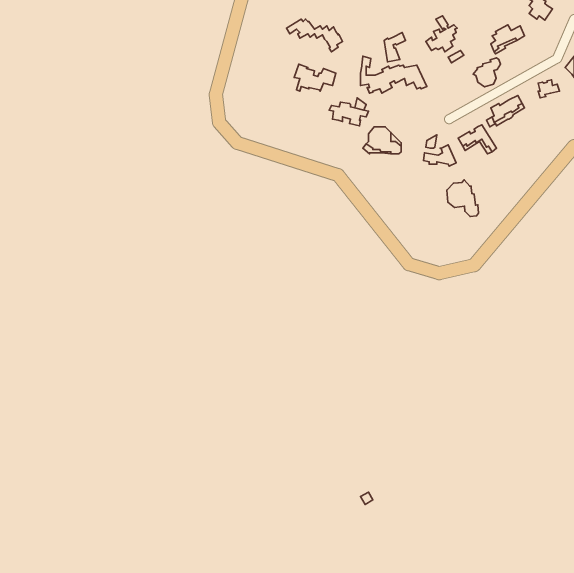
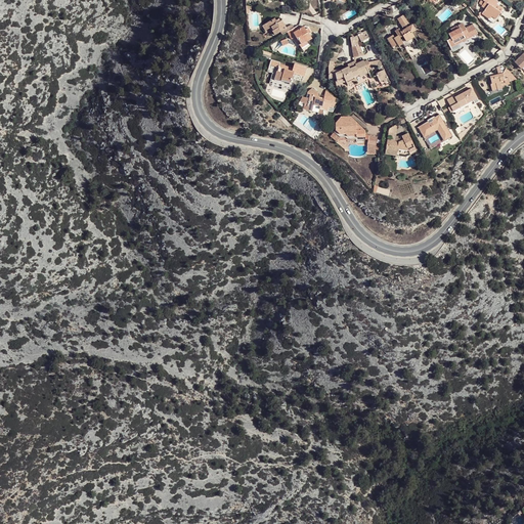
building: [473,58,500,87] -> none
building: [447,180,479,217] -> none

